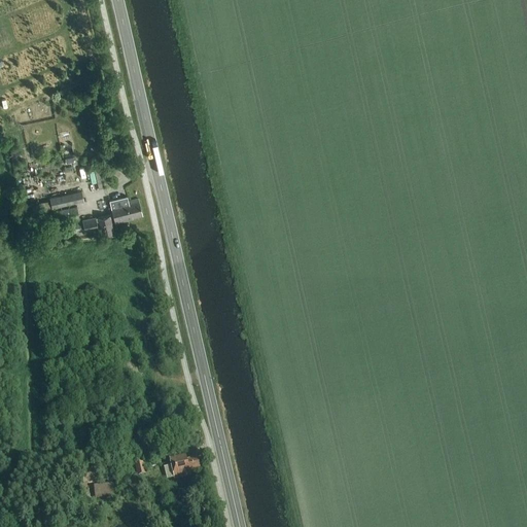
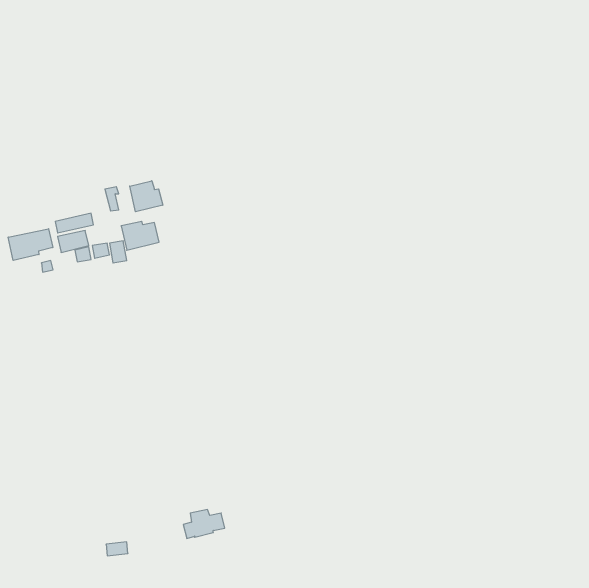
building: none -> [130,181,163,212]
building: none -> [8,229,53,260]

